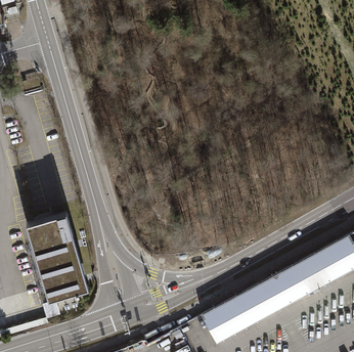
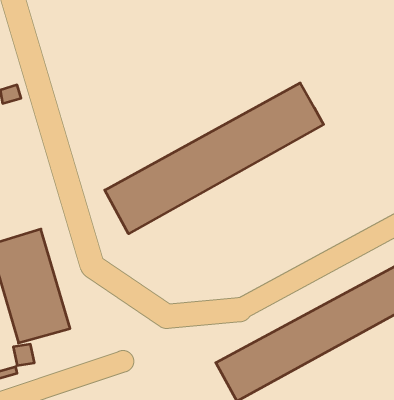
building: none -> [105,83,324,234]

